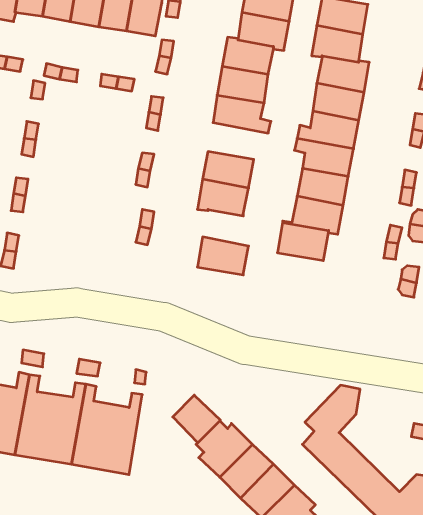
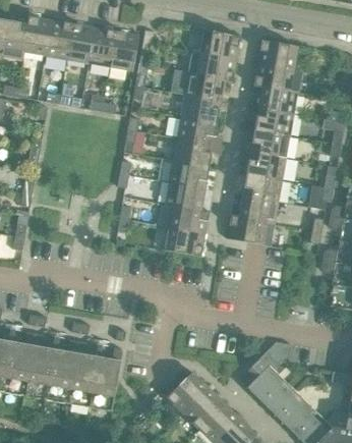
building: none -> [173,136,220,165]
building: none -> [169,204,209,232]
building: [173,395,220,443] -> none

